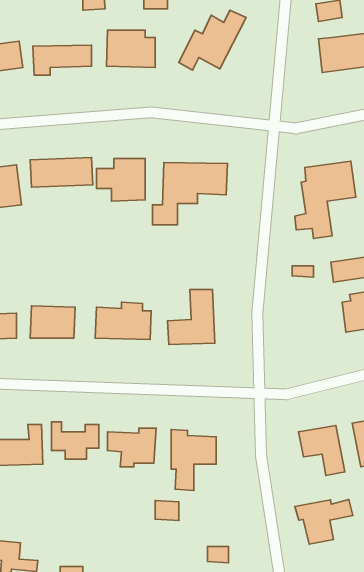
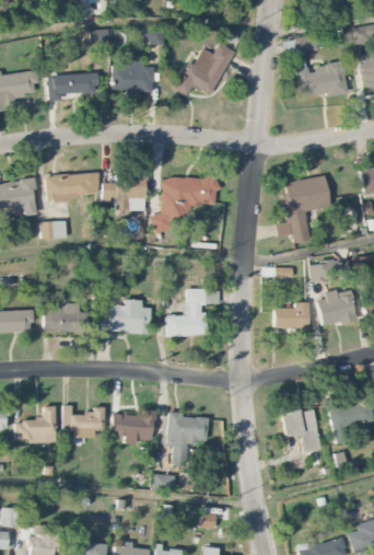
building: none -> [40,221,68,240]
building: none -> [273,302,309,329]
building: [295,500,353,544] -> none

